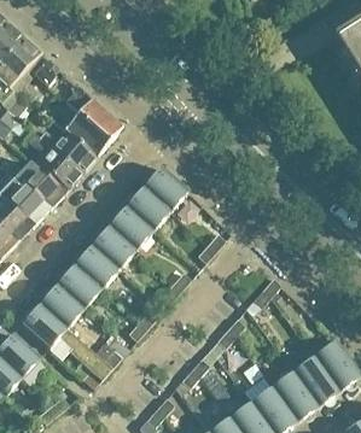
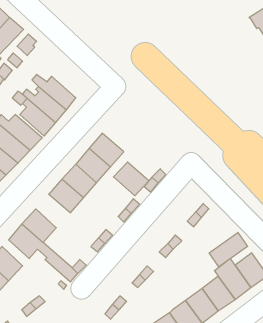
building: [65,82,123,140] -> none
building: [144,166,190,210] -> [113,162,149,196]
building: [58,264,103,308] -> none
building: none -> [209,232,248,267]

